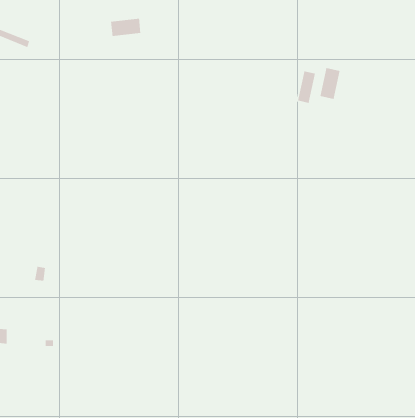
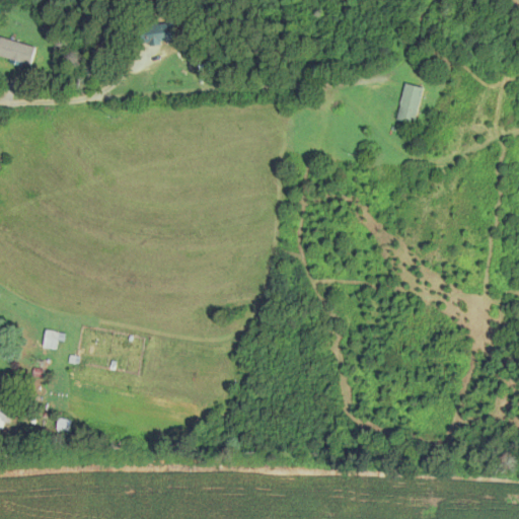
building: [297,71,316,104] -> none

